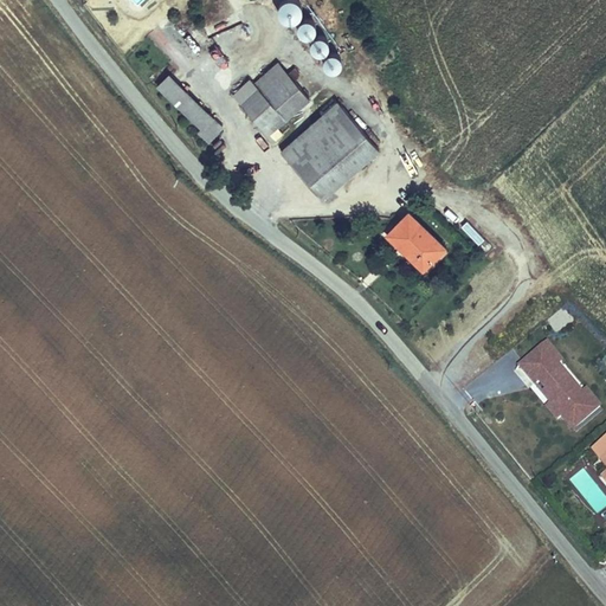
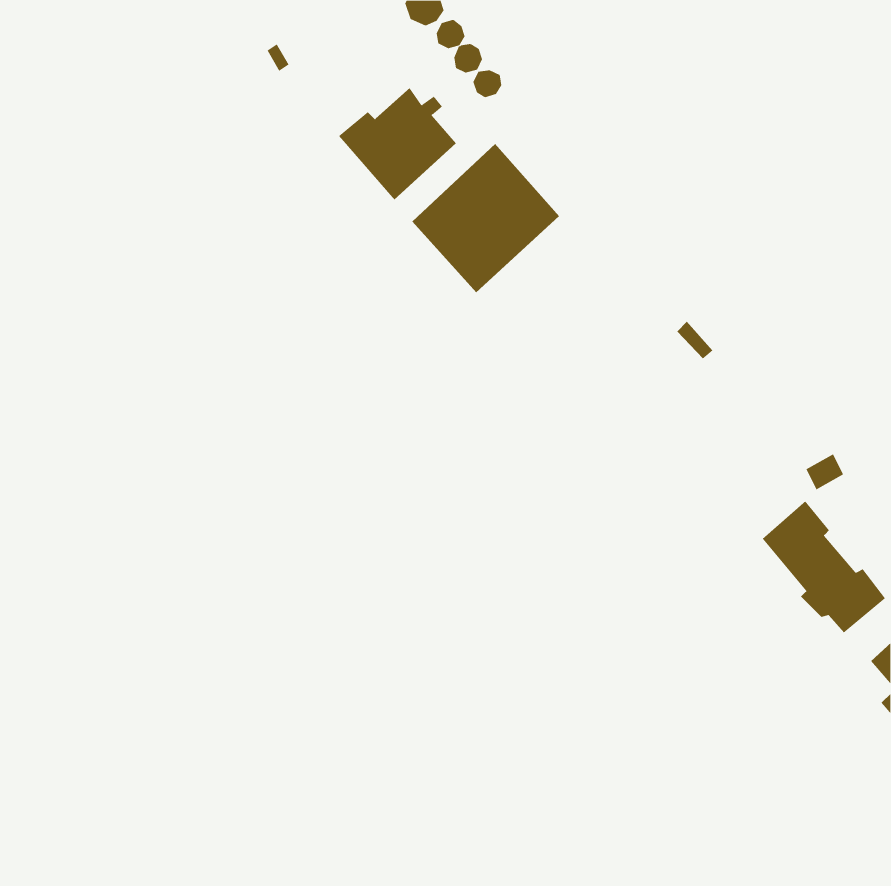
building: [155,73,225,146] -> none
building: [382,211,447,273] -> none

